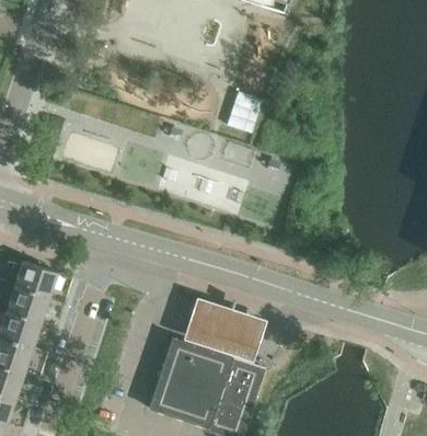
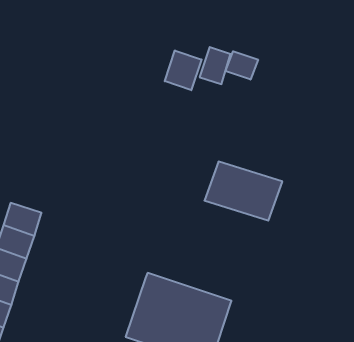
building: none -> [165,50,202,90]
building: none -> [226,51,258,80]
building: [182,296,267,360] -> [204,162,282,221]

